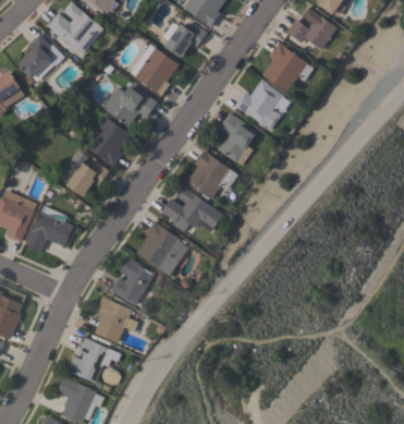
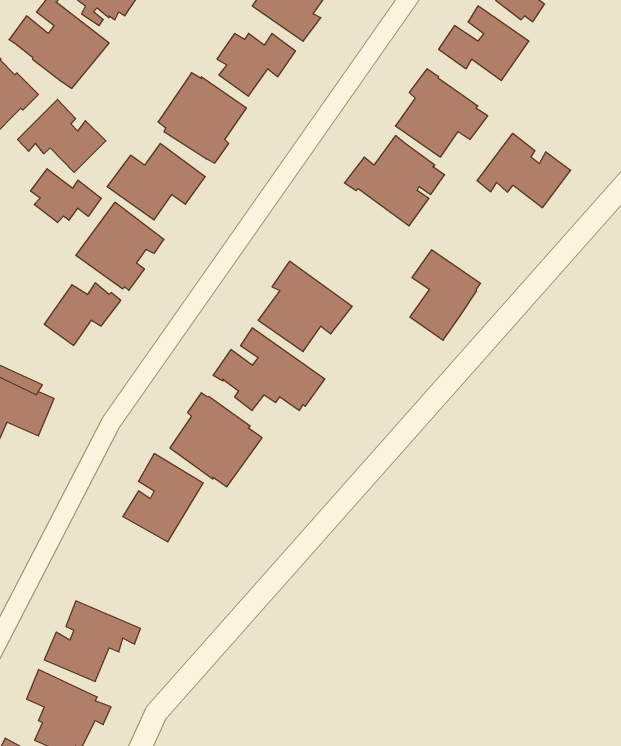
building: none -> [18,99,106,172]
building: none -> [477,133,571,208]
building: none -> [31,169,101,223]
building: [217,112,256,162] -> [410,250,481,340]
building: [94,296,137,342] -> none

